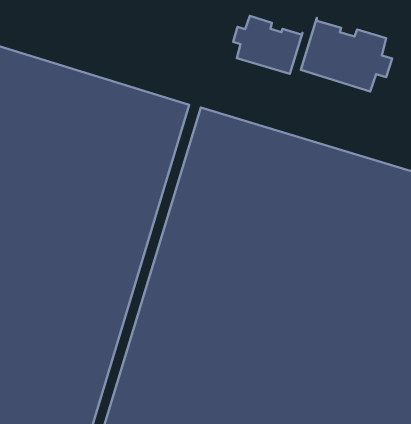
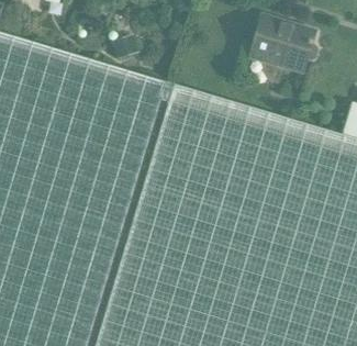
building: [233,16,302,74] -> none

